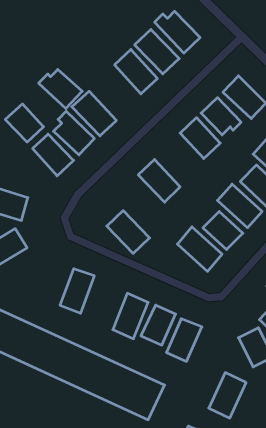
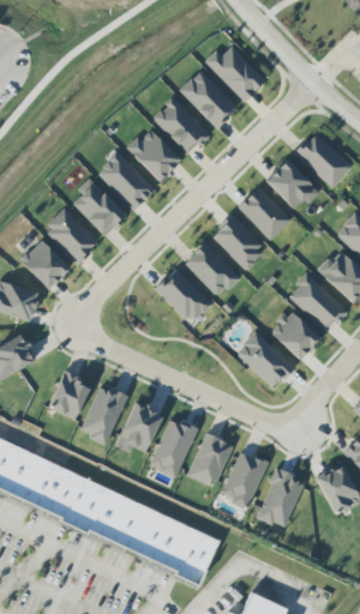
building: [39,69,82,109] -> [125,130,182,181]
building: [5,104,44,142] -> [19,239,70,289]
building: none -> [212,215,266,270]
building: [107,211,150,253] -> [155,267,211,324]
building: none -> [49,372,91,419]
building: none -> [115,402,162,452]
building: [209,373,246,418] -> [256,469,305,529]

